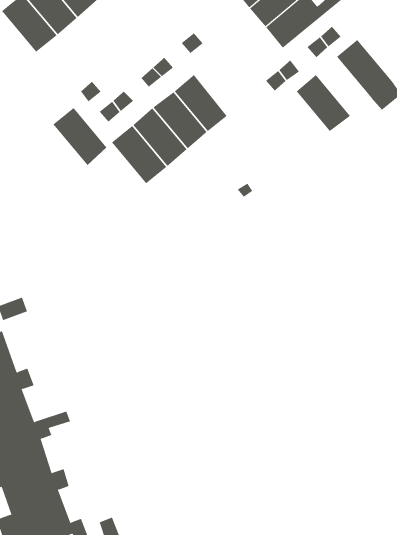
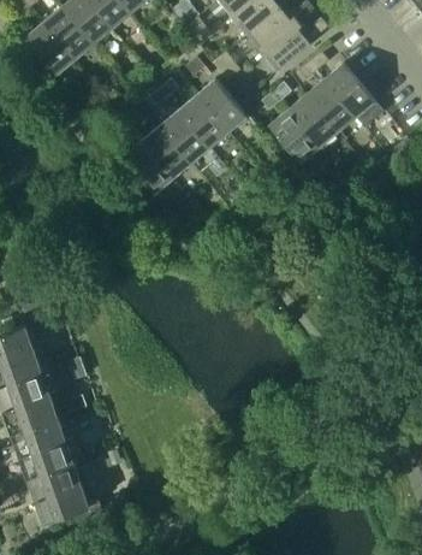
building: none -> [198,79,248,132]
building: none -> [308,79,357,132]
building: none -> [271,111,320,163]
building: [53,107,107,166] -> none

